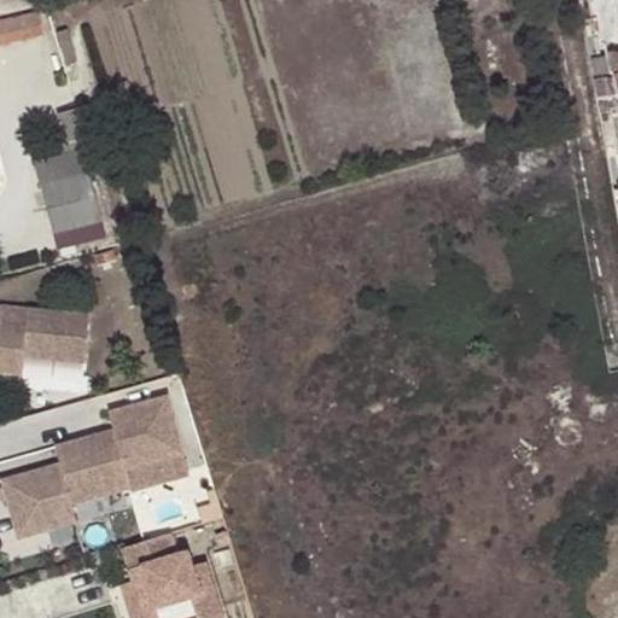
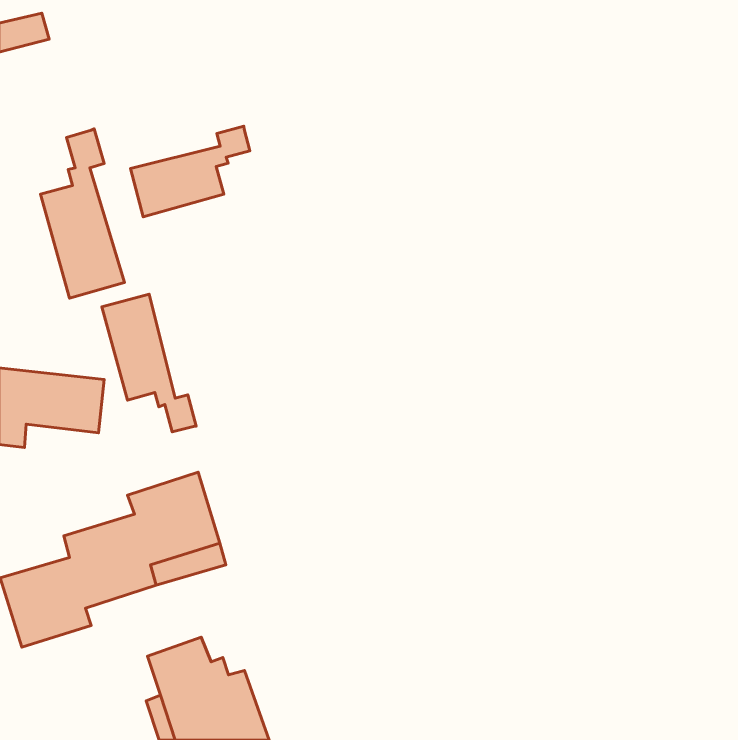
building: none -> [130,126,250,217]
building: none -> [102,294,196,432]

